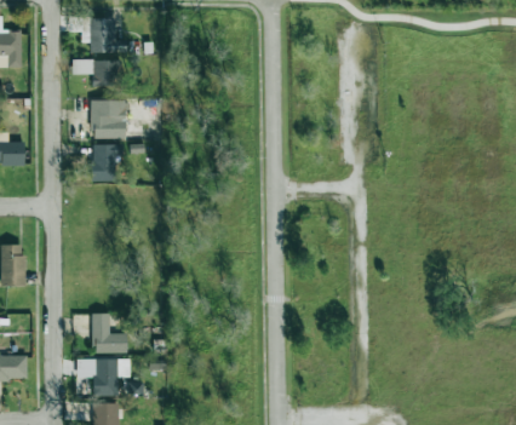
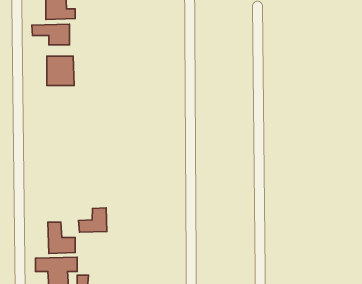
building: [92,144,122,182] -> none
building: none -> [79,208,107,232]

